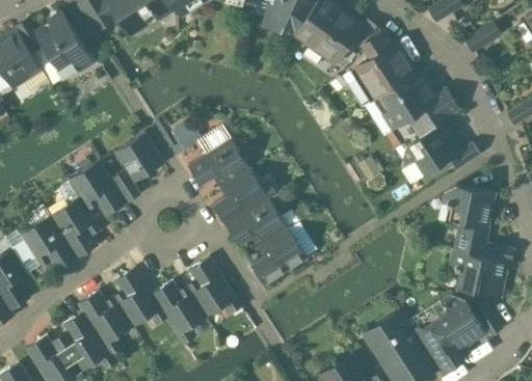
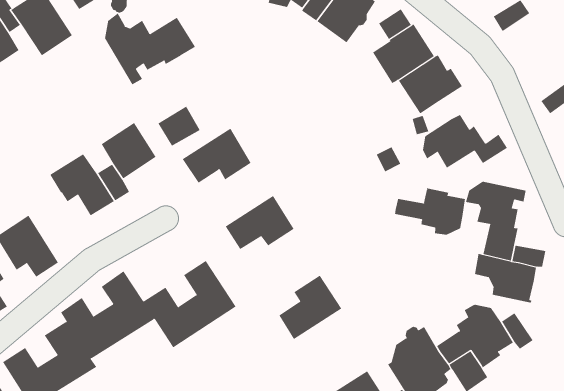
building: none -> [104,13,196,85]
building: [417,94,457,130] -> none
building: [211,169,268,226] -> none
building: none -> [394,187,466,236]
building: [49,196,98,258] -> none
building: [249,228,307,287] -> [279,275,342,340]

